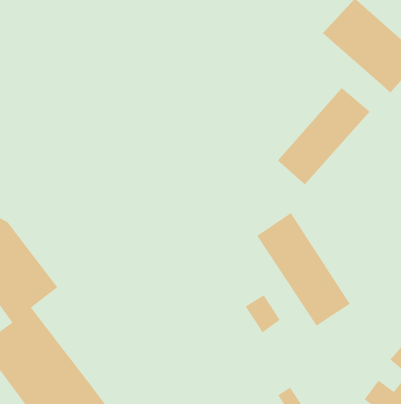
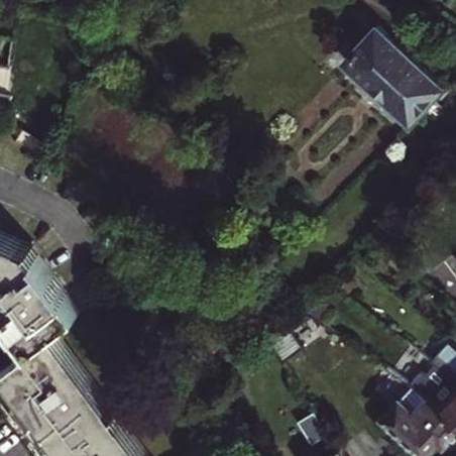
building: [277,87,371,185] -> none
building: [257,212,351,326] -> none

